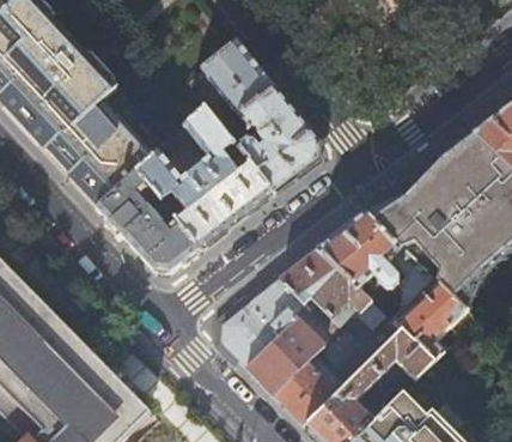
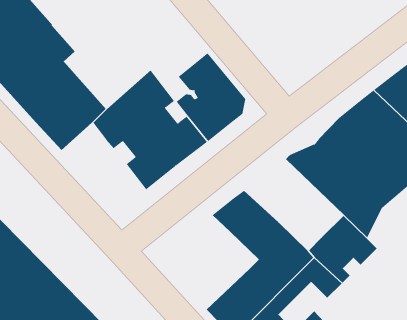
building: [195,41,273,115] -> none
building: [93,170,199,272] -> none
building: [316,213,434,307] -> none
building: [220,280,322,393] -> none

